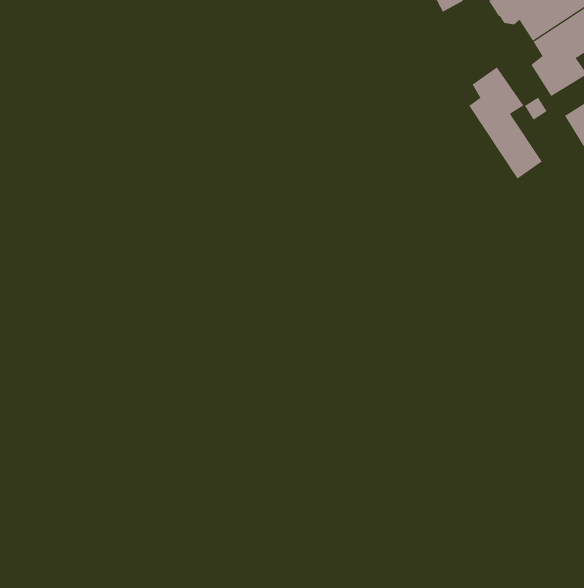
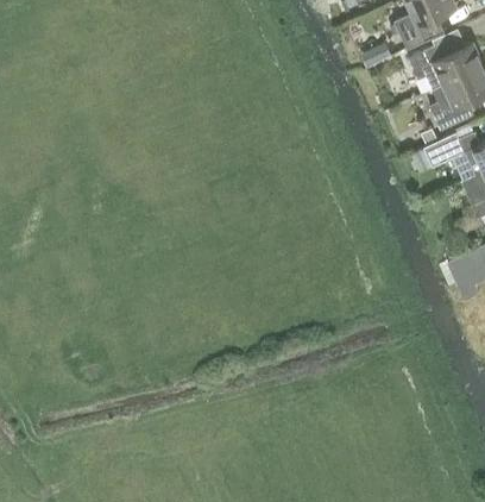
building: [469,67,542,179] -> none

